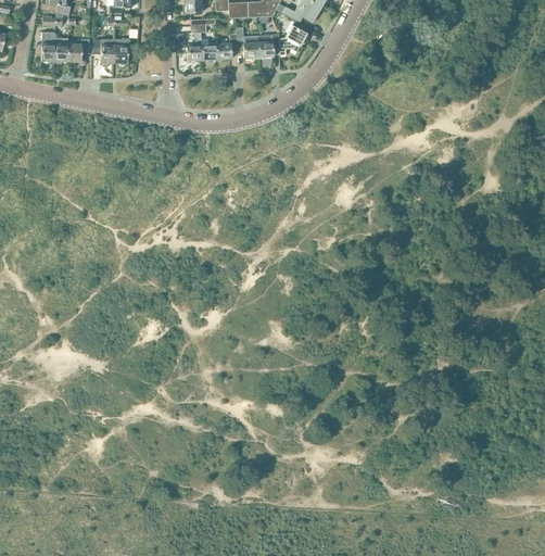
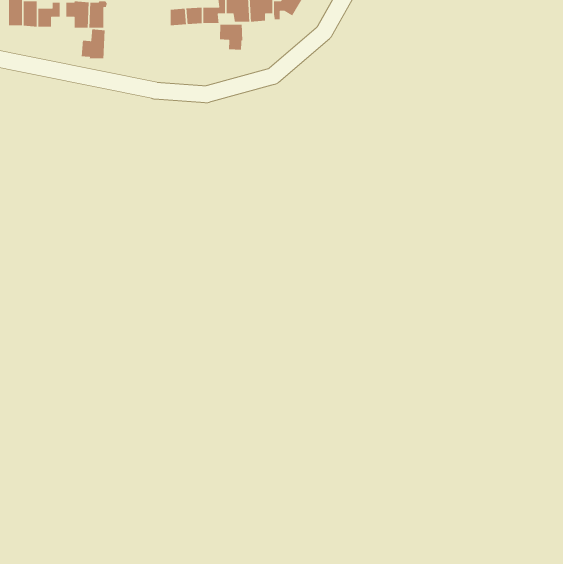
building: none -> [219,24,243,51]
building: none -> [81,29,106,59]

